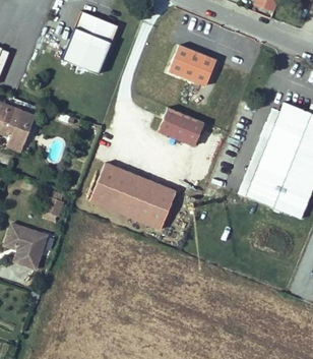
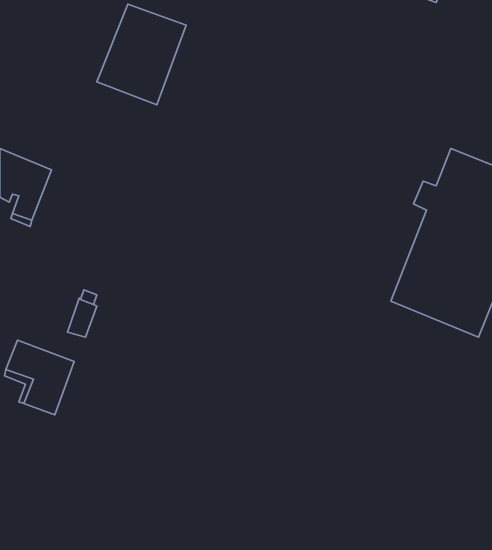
building: [169,46,216,86] -> none
building: [160,108,205,146] -> none
building: [89,163,176,230] -> none

